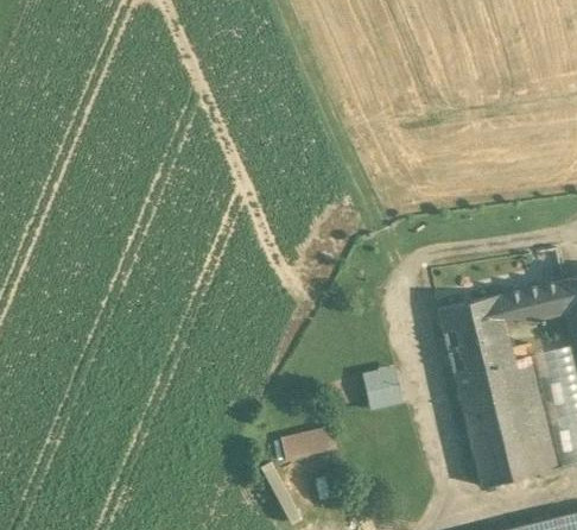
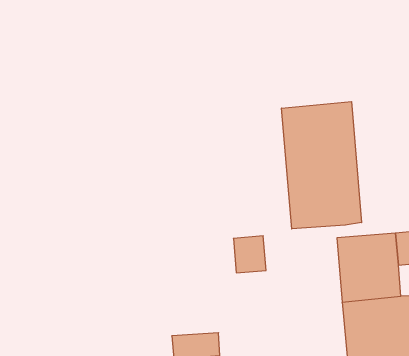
building: none -> [282,102,362,229]
building: [363,367,402,410] -> [233,236,266,273]

